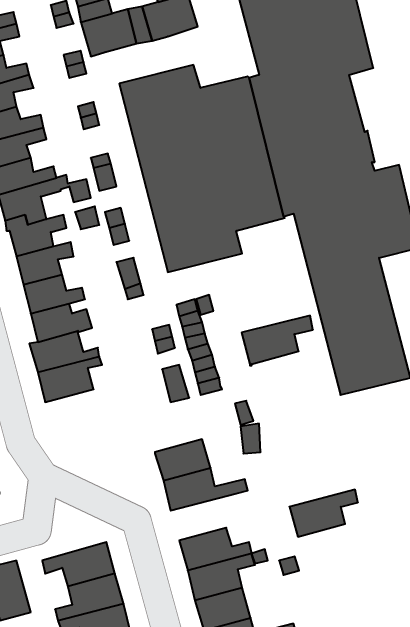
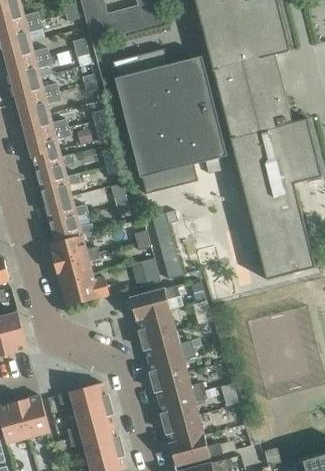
building: [242,316,313,366] -> [129,285,179,320]
building: none -> [59,275,109,306]
building: [289,490,358,537] -> [147,348,195,381]

